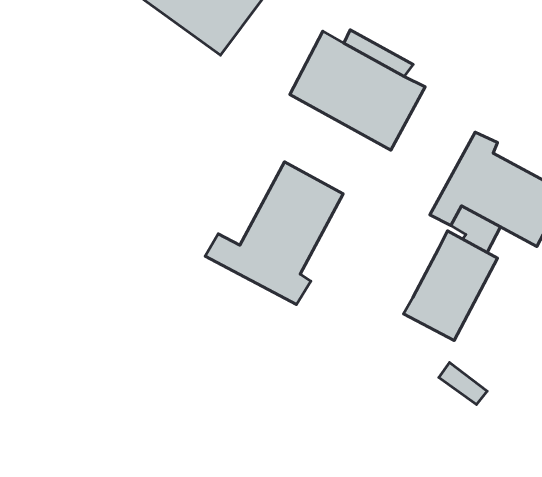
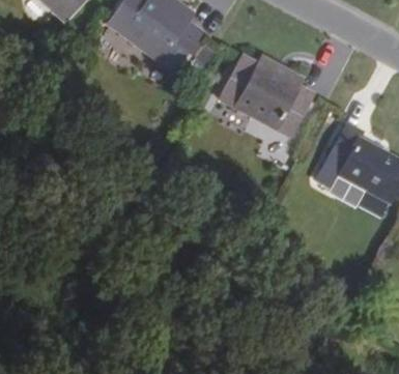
building: [205,162,343,305] -> none
building: [403,231,497,341] -> none

